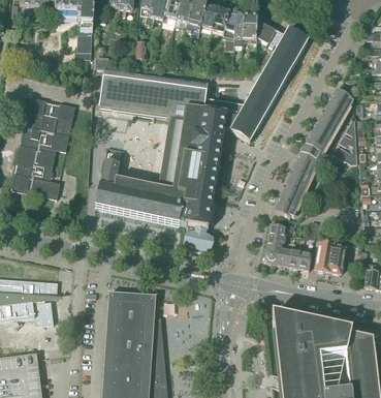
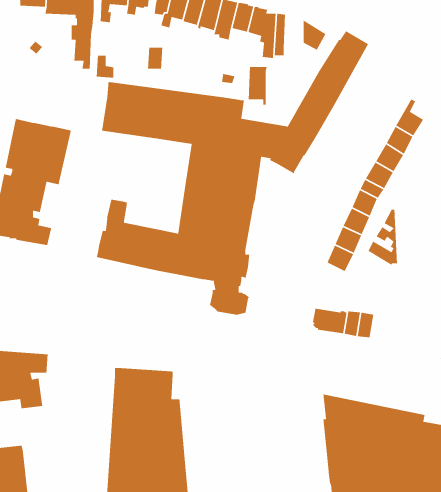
building: [243,14,258,45] -> [248,66,268,106]
building: [334,119,357,163] -> [368,209,398,266]
building: [266,223,289,248] -> none
building: [316,243,345,274] -> none

